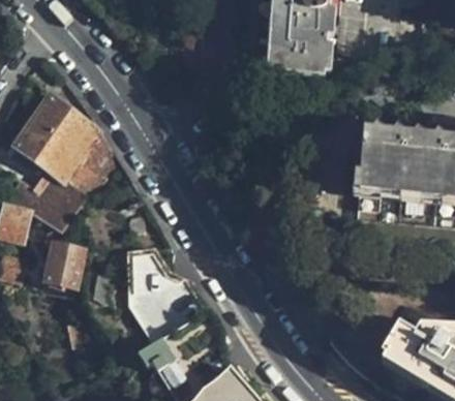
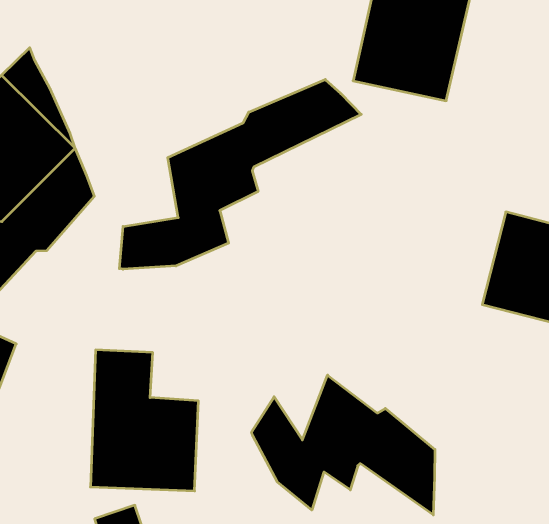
building: none -> [119,79,361,269]
building: none -> [252,375,435,515]

